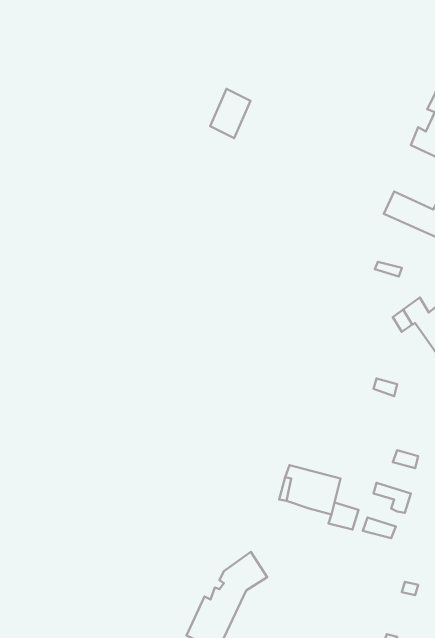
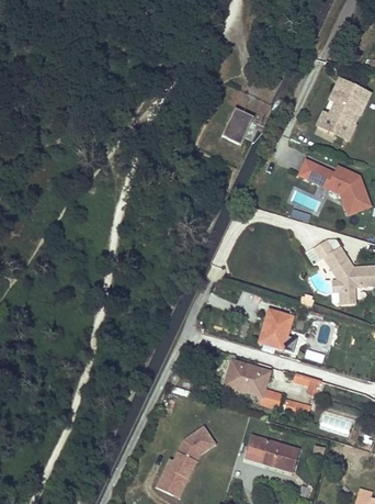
building: [210,89,250,138] -> [225,108,254,144]
building: none -> [258,309,293,348]
building: none -> [245,435,297,470]

